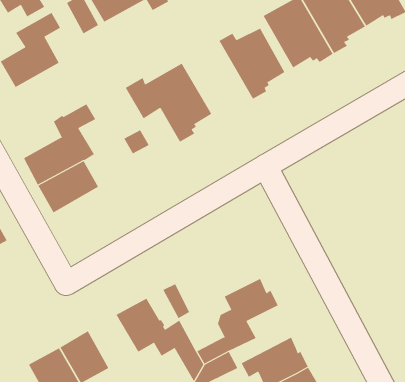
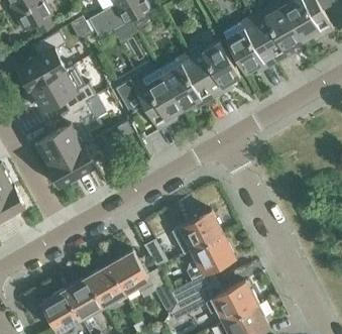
building: none -> [160,52,215,109]
building: none -> [31,70,97,111]
building: none -> [173,210,224,250]
building: none -> [88,264,126,306]

